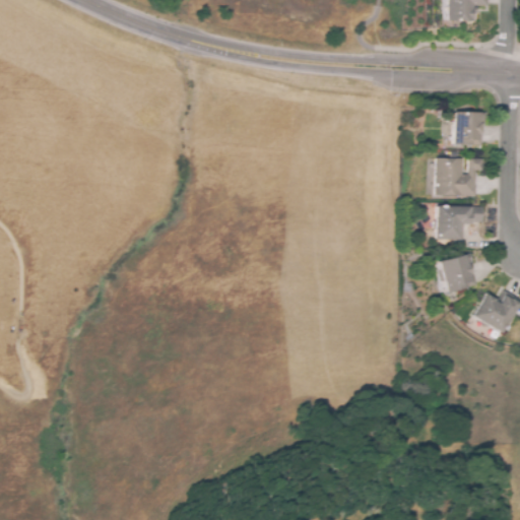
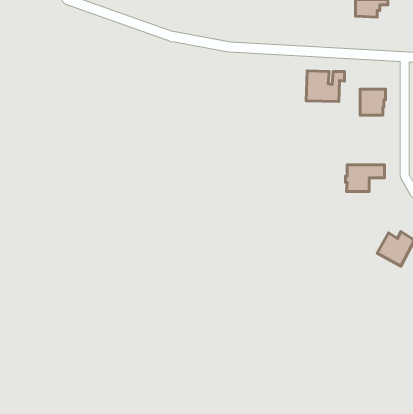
building: [435,157,482,196] -> [306,71,344,102]
building: [441,253,477,292] -> none

